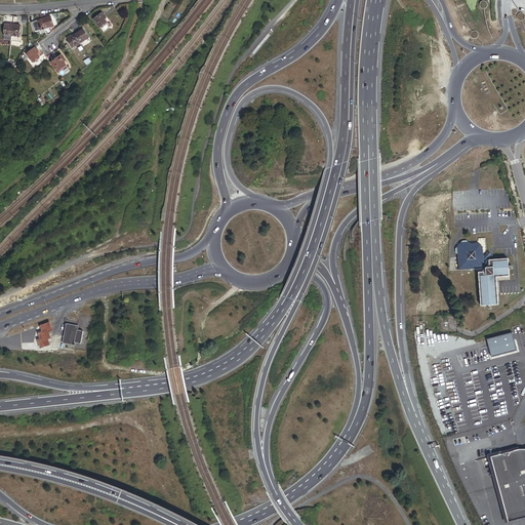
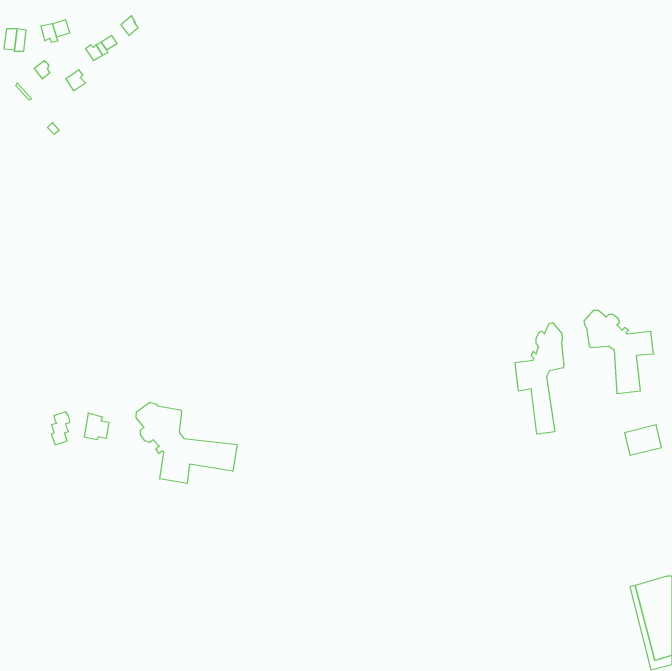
building: none -> [515,323,564,434]
building: none -> [136,402,237,483]

